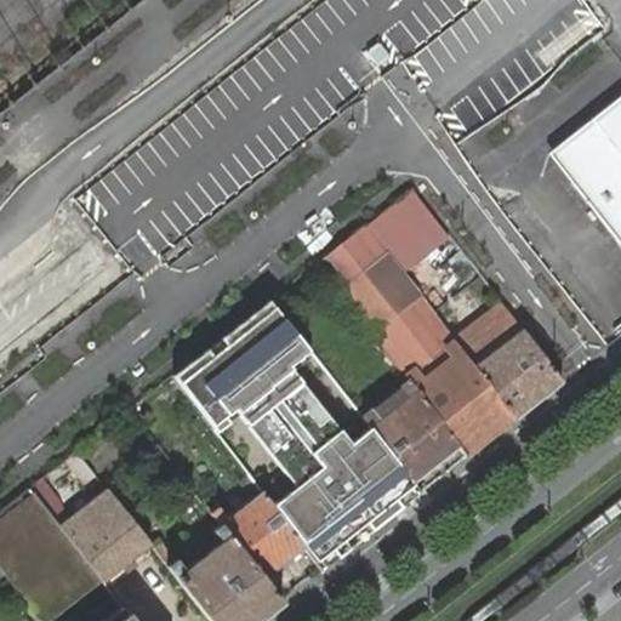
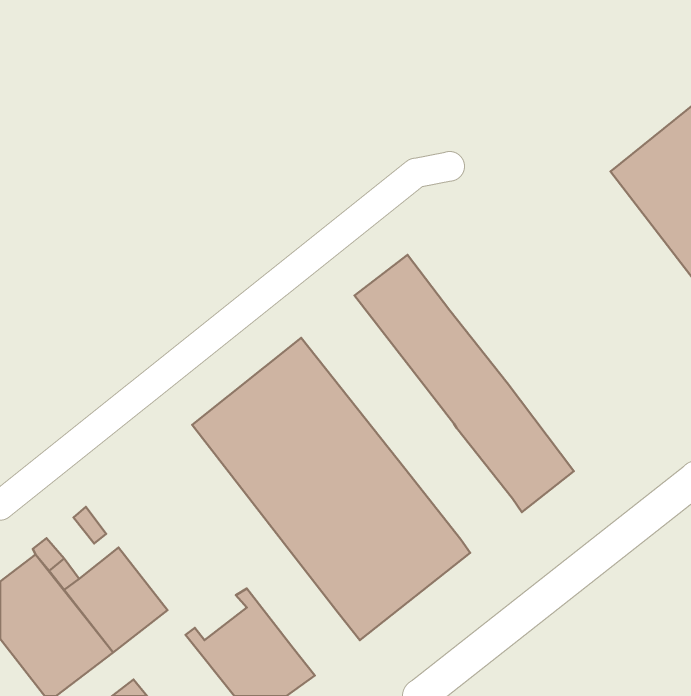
building: [368,189,452,277] -> none
building: [456,303,563,420] -> none
building: [365,381,461,480] -> none
building: [215,492,306,577] -> none

